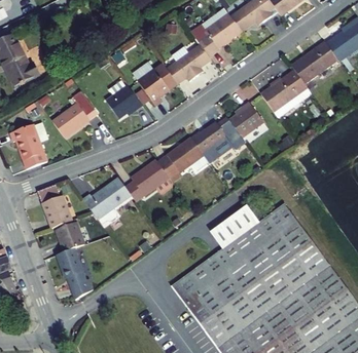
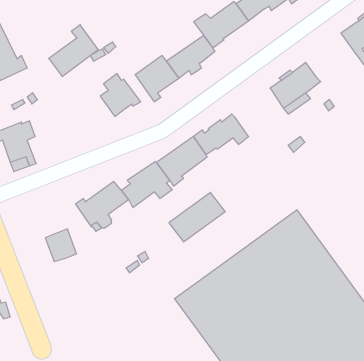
building: [291,41,338,84] -> none
building: [52,91,98,139] -> [49,25,98,76]
building: [229,103,264,138] -> none
building: [42,196,72,228] -> none
building: [208,206,259,251] -> [169,192,225,242]
building: [57,248,94,300] -> none

